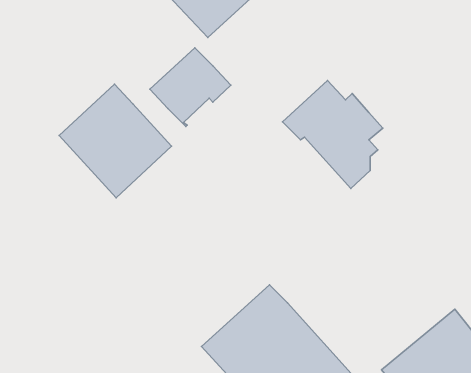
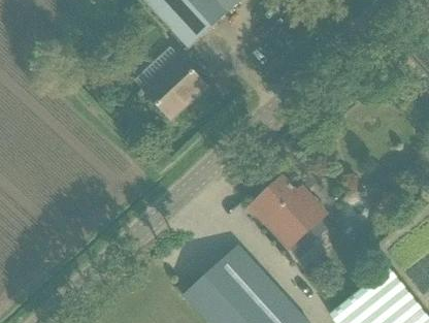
building: [283,80,383,189] -> [246,175,327,262]
building: [59,84,172,198] -> none

